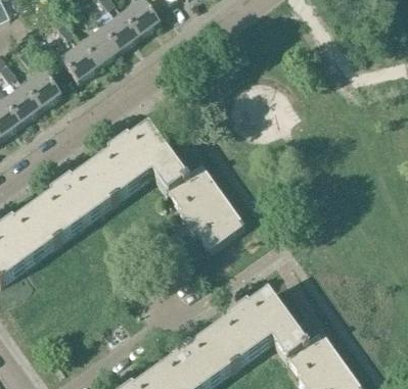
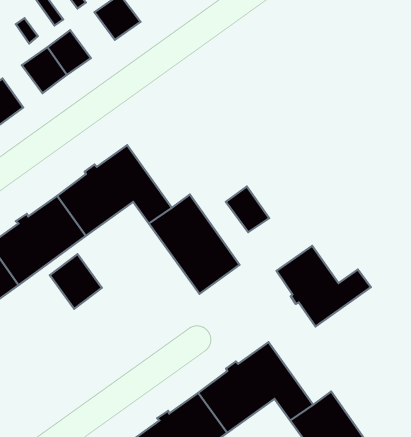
building: [101,12,139,51] -> none
building: none -> [226,186,269,232]
building: none -> [277,246,371,327]
building: none -> [50,254,102,309]

